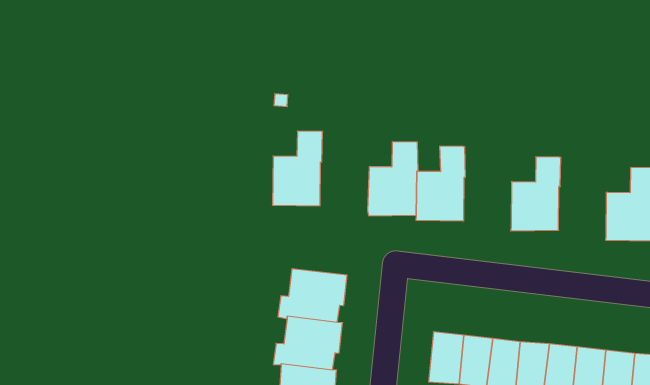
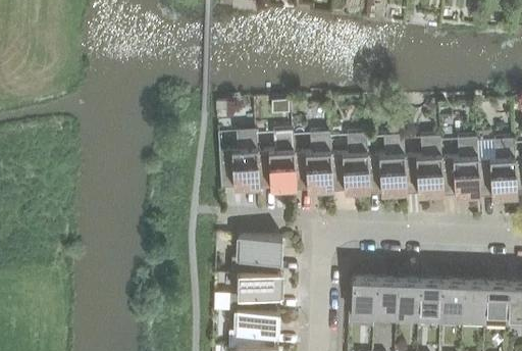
building: none -> [256,129,295,188]
building: none -> [367,133,406,192]
building: none -> [440,136,479,195]

